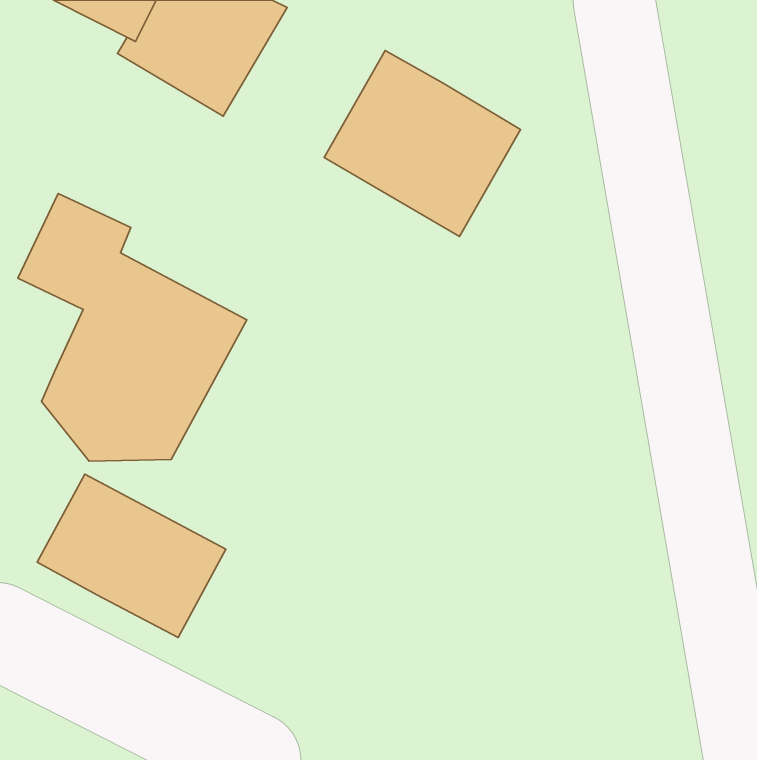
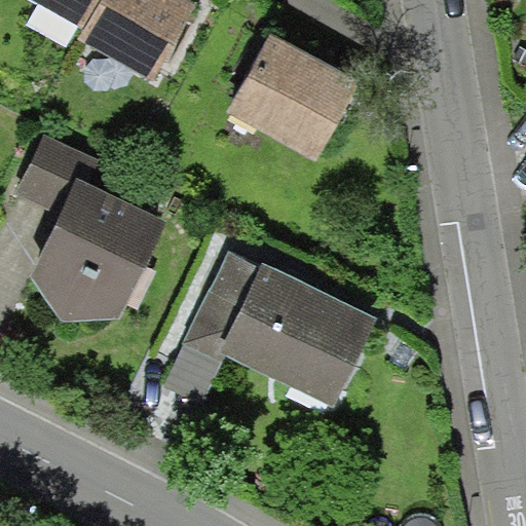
building: none -> [163,249,377,409]
building: [37,474,226,637] -> none

